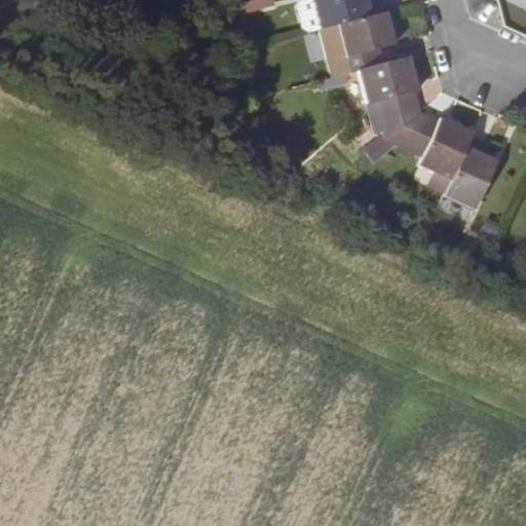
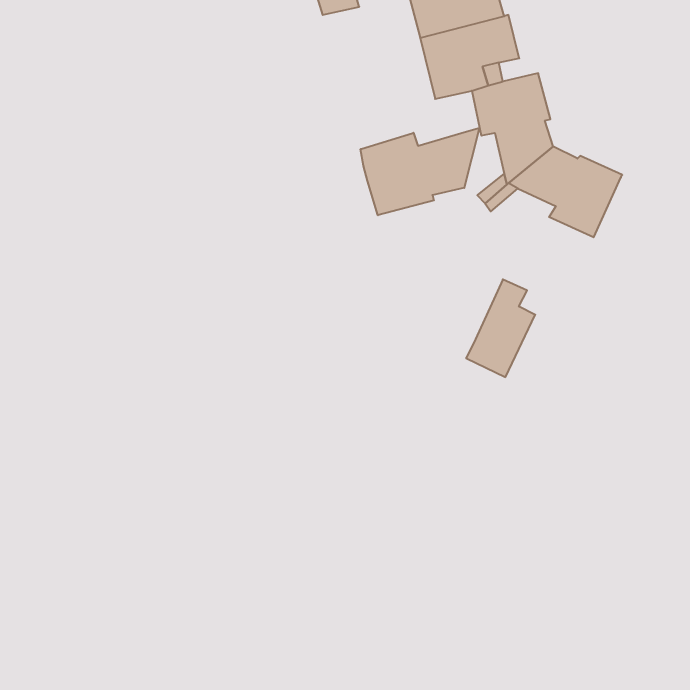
building: none -> [361,128,480,215]
building: [445,135,497,209] -> [466,279,535,377]

